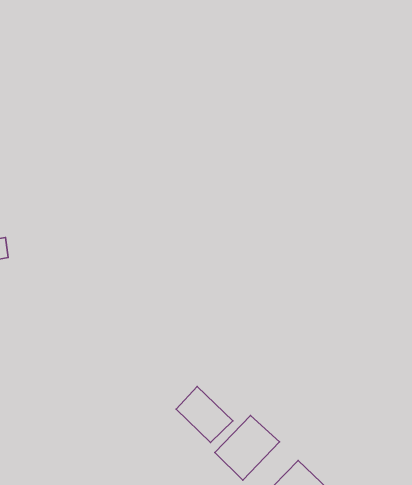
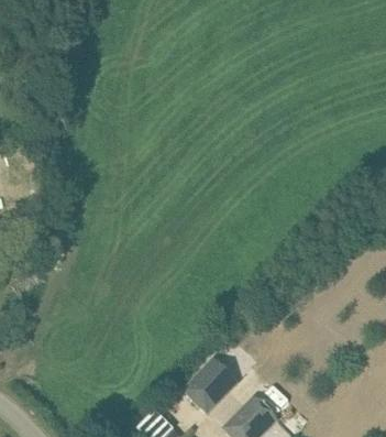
building: [176,386,233,442] -> none

